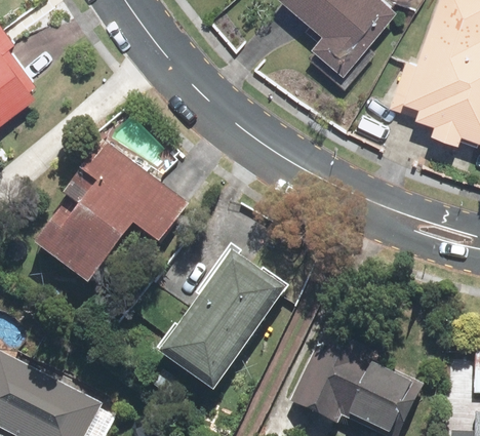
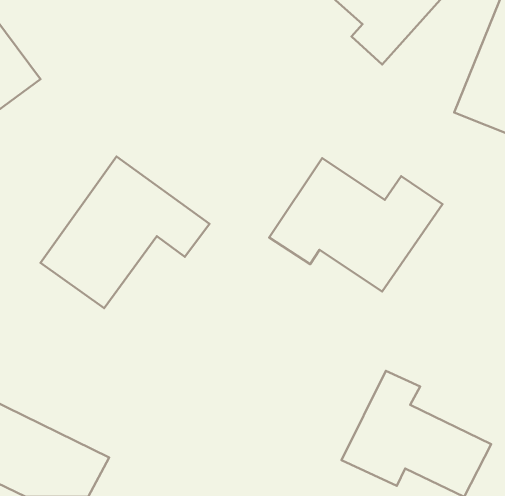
building: none -> [269,158,442,292]
building: [170,252,287,383] -> none

